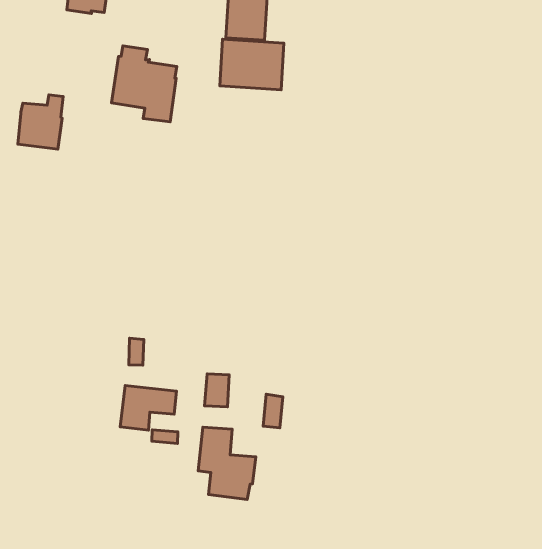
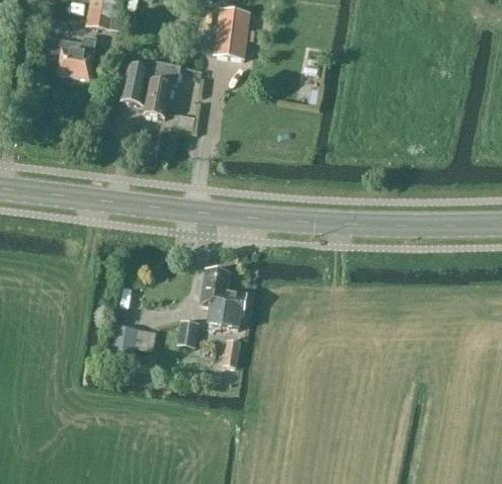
building: [220,39,284,90] -> none
building: [18,95,63,149] -> [58,34,96,78]
building: [198,427,256,500] -> [200,268,247,328]

